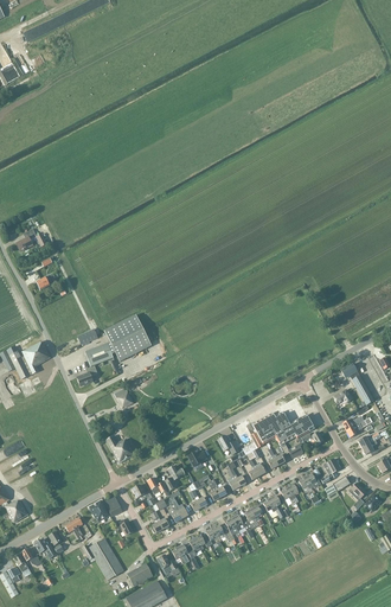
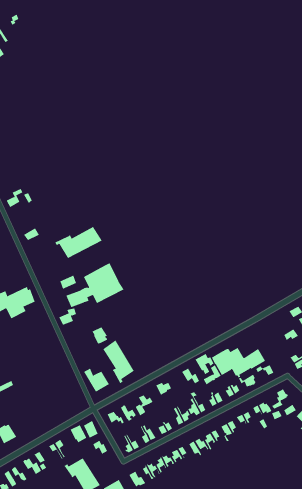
building: none -> [54,226,102,259]
building: none -> [103,340,134,384]

